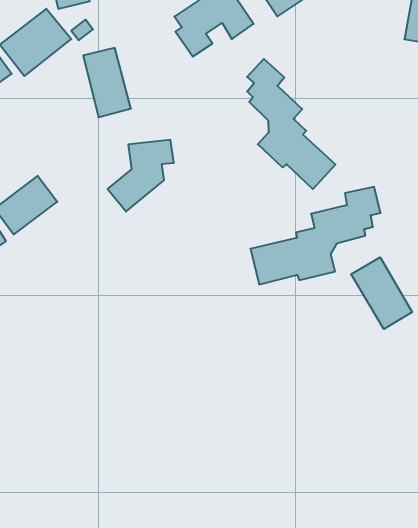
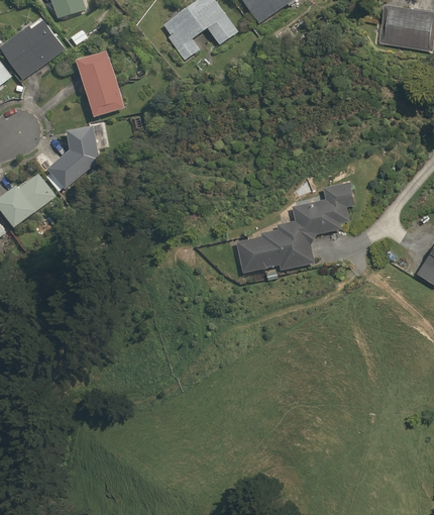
building: [247,59,335,189] -> none
building: [108,140,174,212] -> [46,123,108,190]
building: [351,257,412,329] -> none

